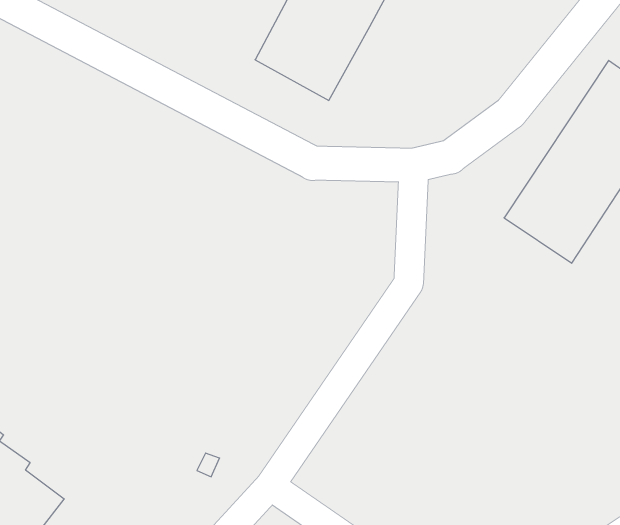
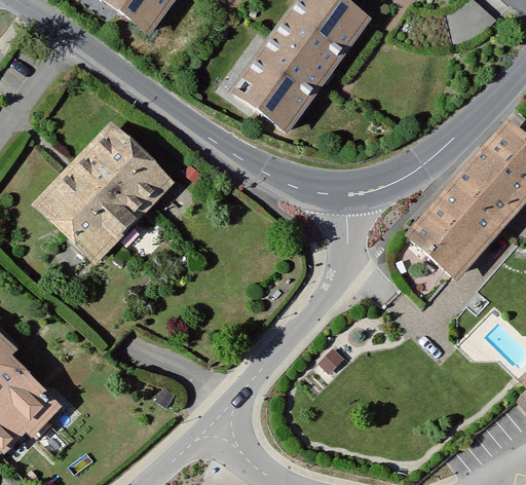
building: none -> [41,129,167,257]

